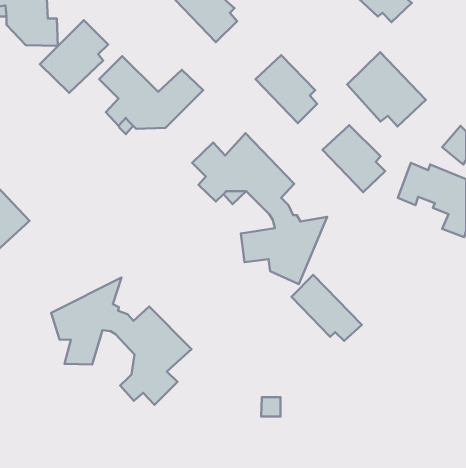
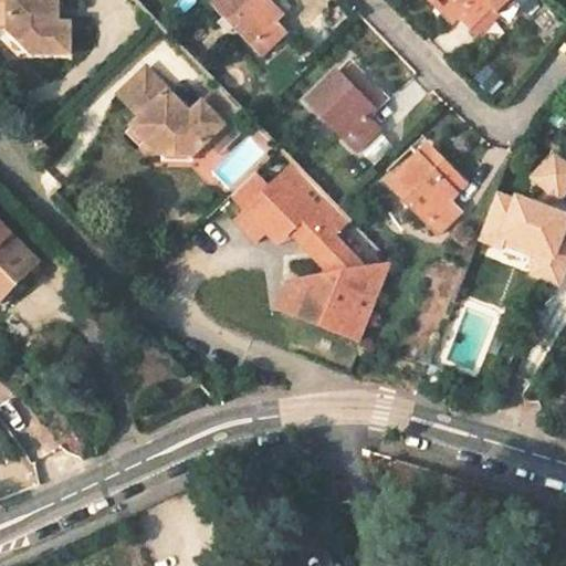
building: [40,20,108,93] -> none
building: [347,52,426,127] -> none
building: [292,275,362,341] -> none
building: [51,277,192,405] -> none

